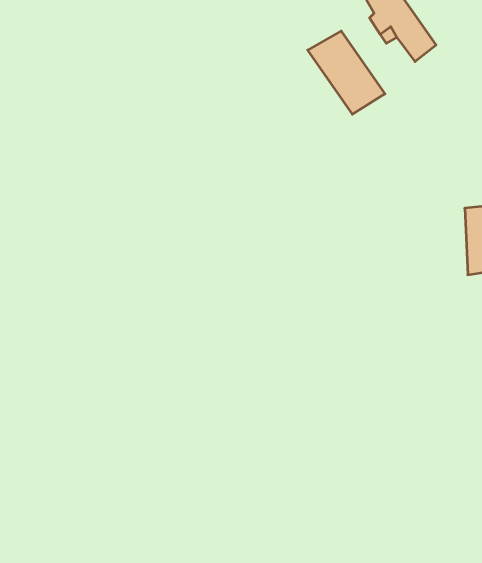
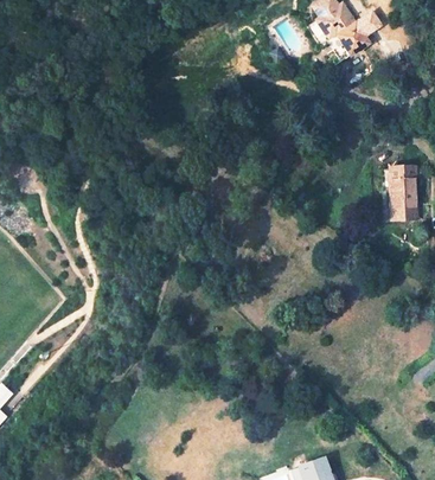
building: [308,31,385,114] -> none

